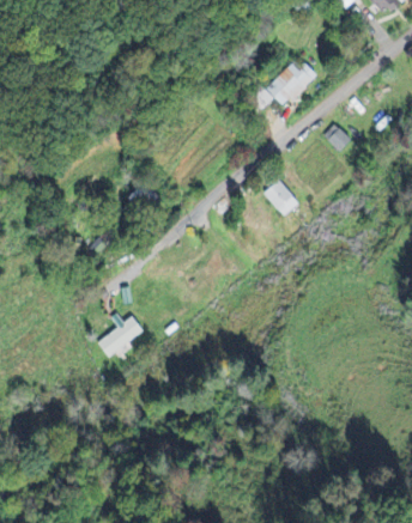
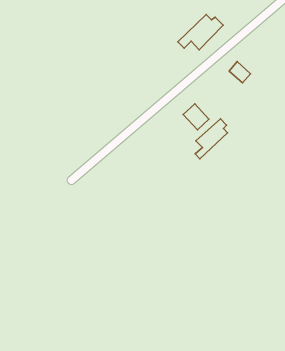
building: none -> [195,119,228,159]
building: [97,316,145,357] -> none

